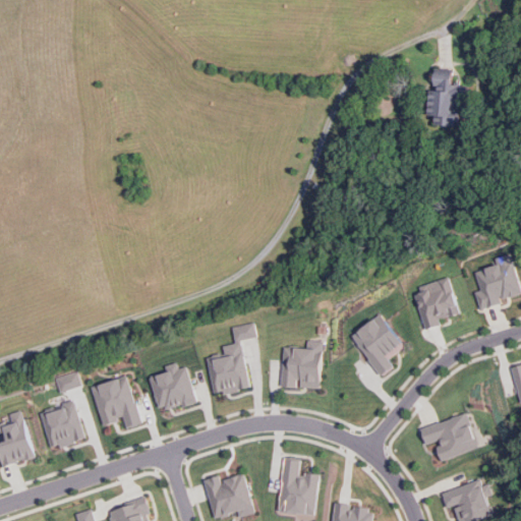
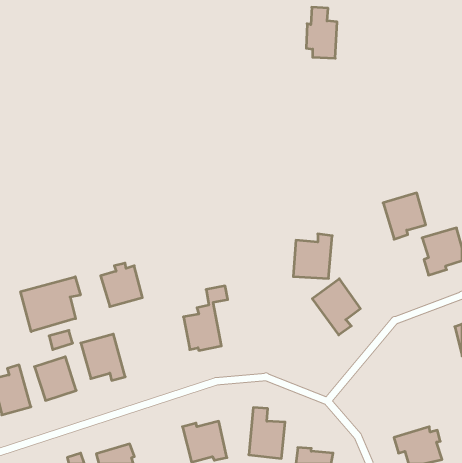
building: [428,69,463,126] -> [306,7,337,58]
building: [412,278,460,330] -> [383,193,426,239]
building: none -> [21,277,80,332]
building: [280,340,324,390] -> [293,234,332,278]
building: [149,362,195,411] -> [101,263,142,307]
building: [418,412,478,461] -> none

